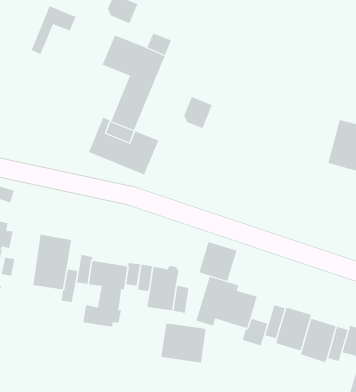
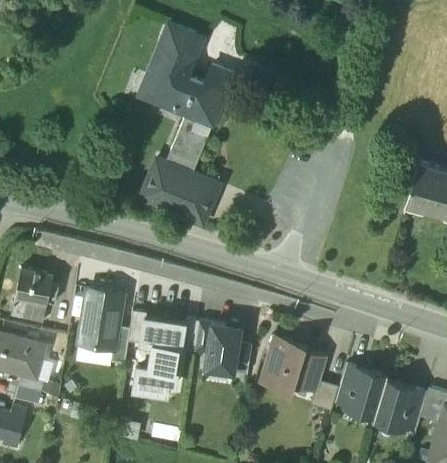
building: [31,6,76,55] -> [145,48,195,102]
building: [184,96,213,129] -> none
building: [199,240,237,281] -> none
building: [161,323,206,364] -> none

